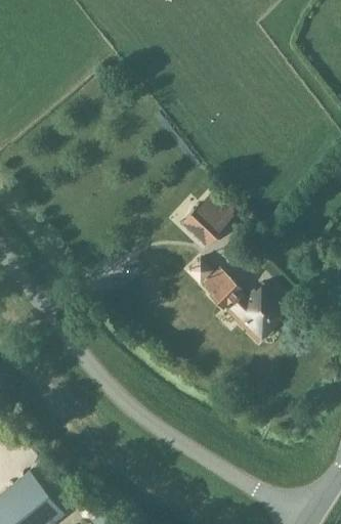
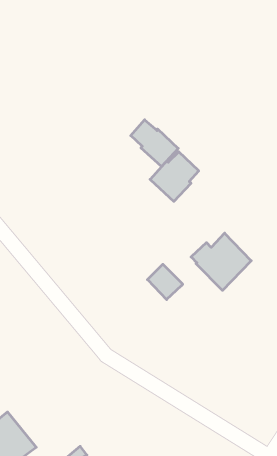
building: none -> [131,120,178,167]
building: [206,267,244,305] -> [147,264,183,300]

